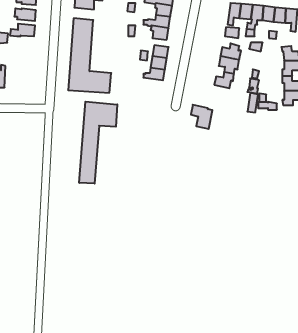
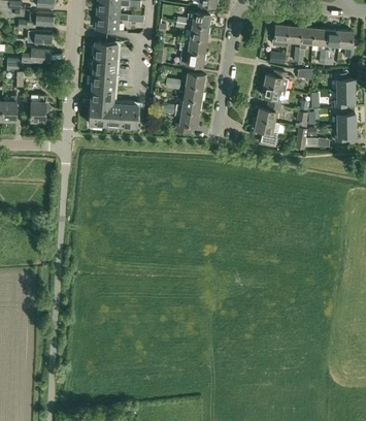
building: none -> [30,96,48,123]
building: none -> [174,110,198,134]
building: [79,102,117,184] -> none
building: [191,105,212,129] -> [255,119,279,147]

